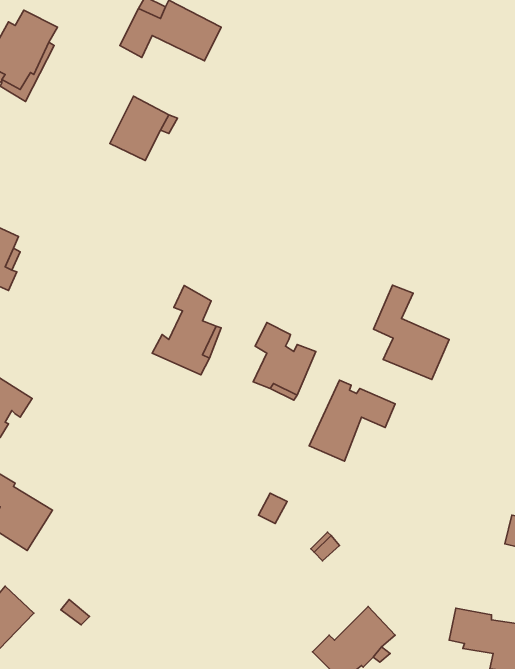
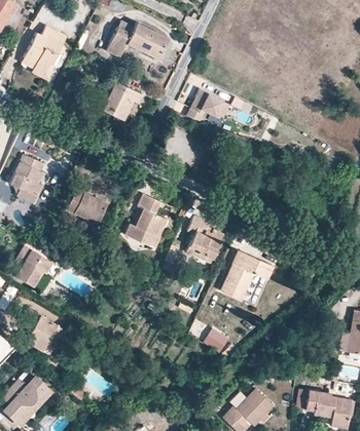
building: none -> [185,87,228,120]
building: none -> [67,189,108,225]
building: [374,285,449,379] -> none
building: none -> [202,325,228,352]

